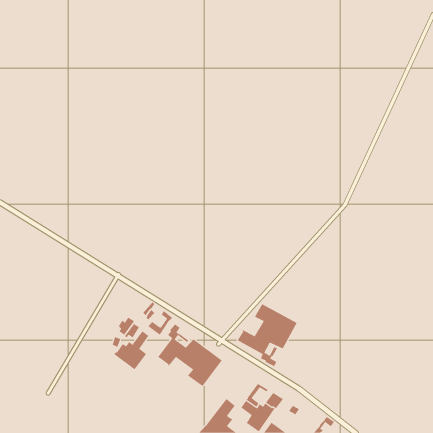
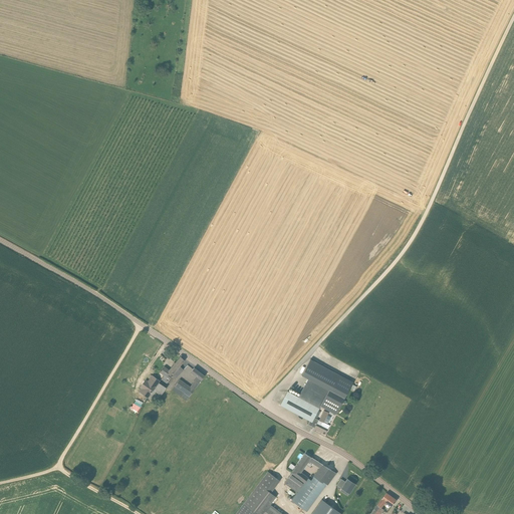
building: [158,323,222,387] -> none
building: [113,331,149,370] -> none

